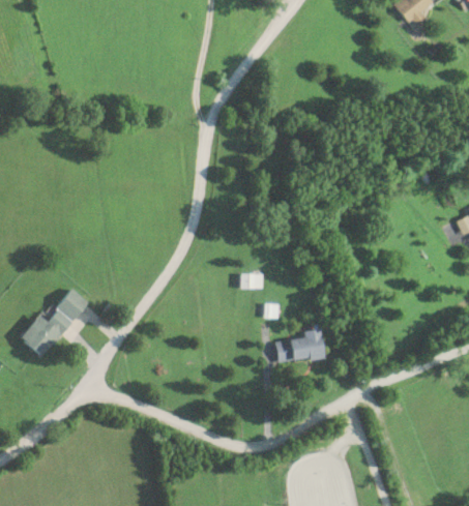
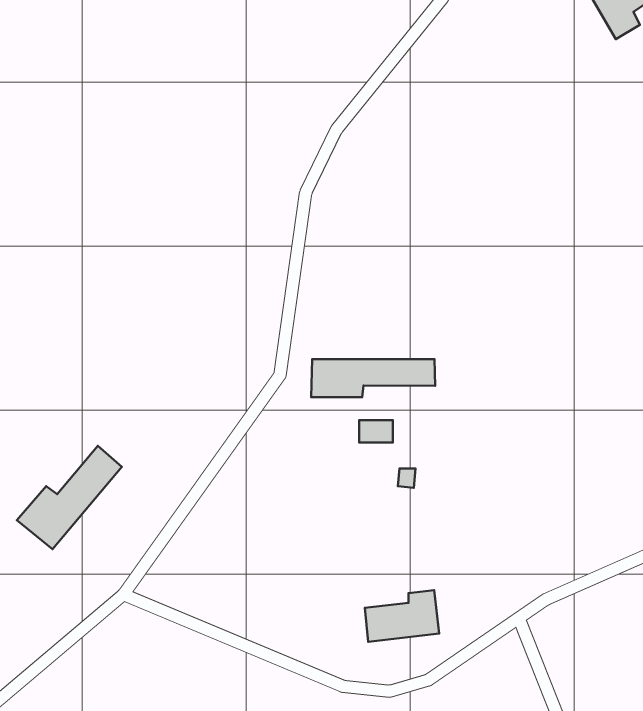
building: none -> [311,359,435,397]
building: [276,328,324,361] -> [365,590,439,642]

